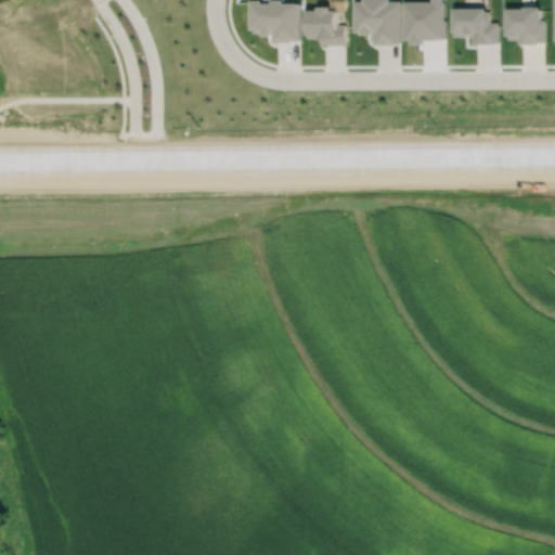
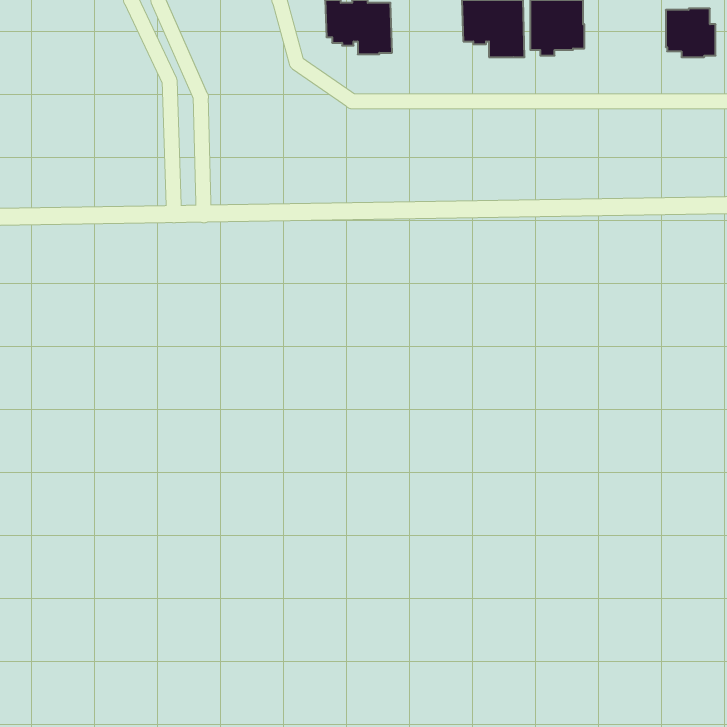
building: [305,7,344,46] -> none
building: [452,9,498,44] -> none

